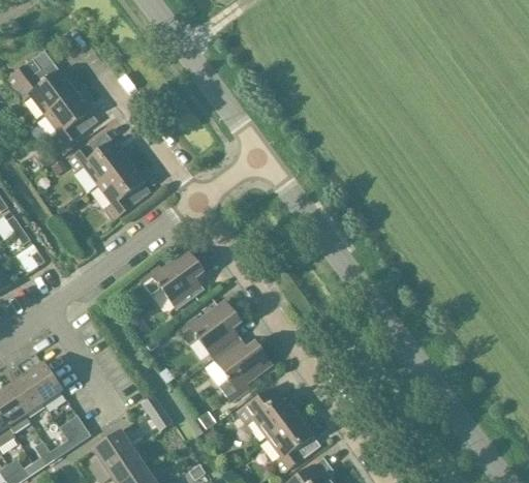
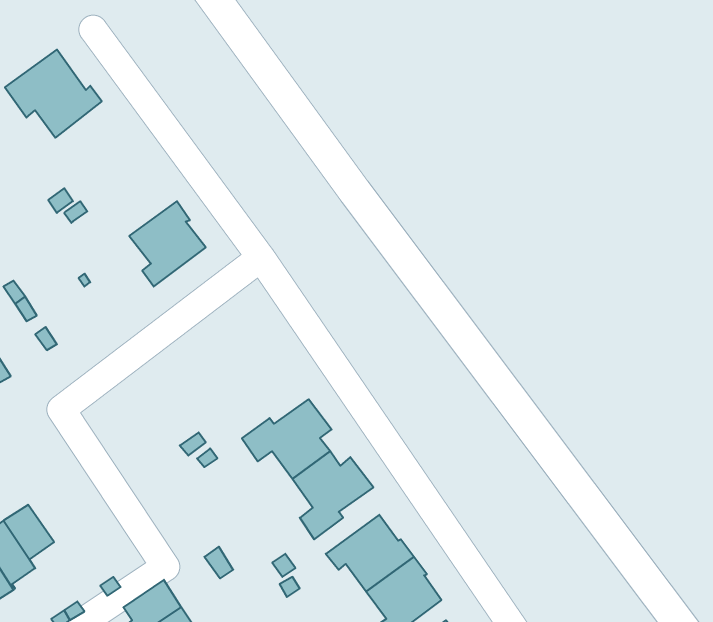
building: [43,88,97,149] -> none
building: [68,131,130,184] -> none
building: [139,250,203,308] -> none
building: [24,364,61,403] -> none

